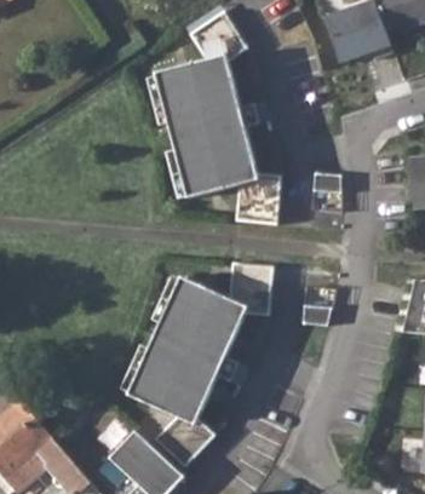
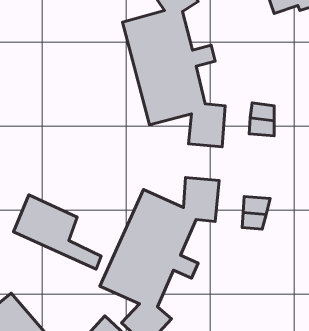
building: none -> [13,195,101,269]

